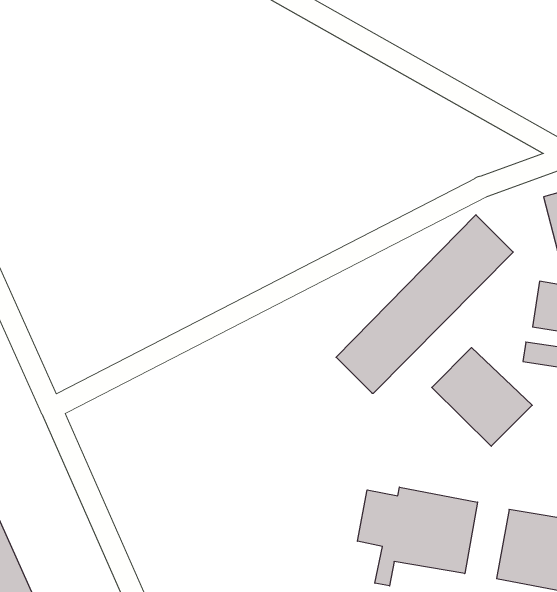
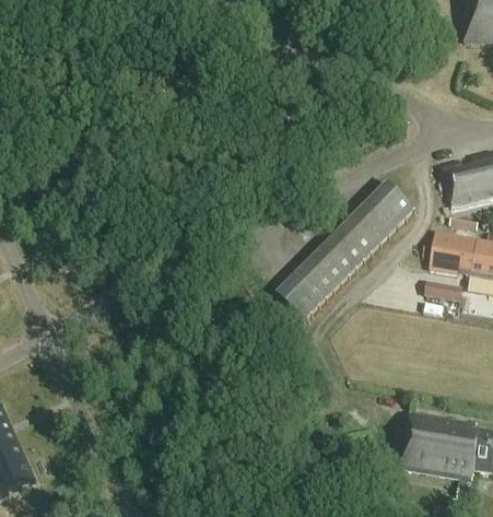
building: [432,348,532,446] -> none
building: [357,487,478,586] -> none

